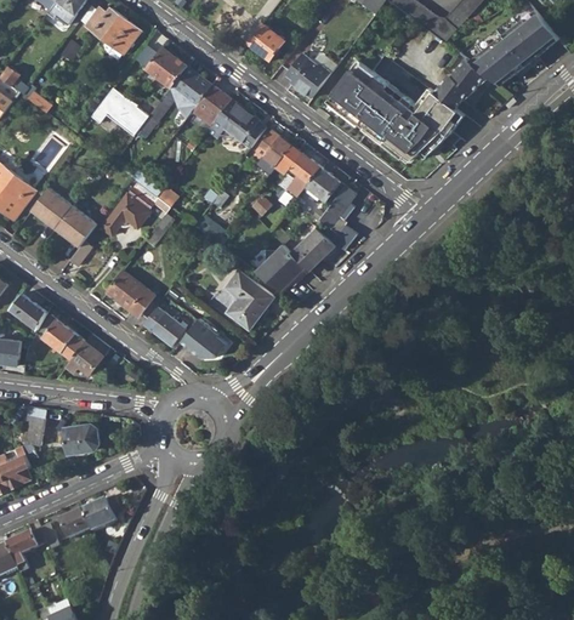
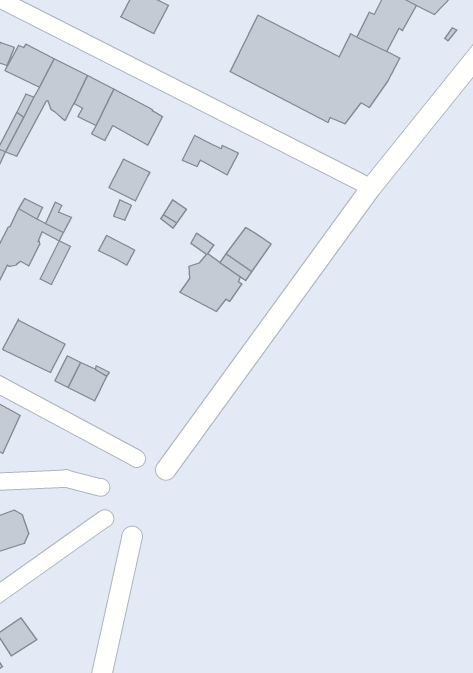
building: [284,52,329,97] -> none
building: [255,130,290,165] -> [109,159,150,201]
building: [305,167,339,200] -> none
building: [318,186,356,250] -> none
building: [223,269,273,329] -> none
building: [180,318,226,357] -> none
building: [80,499,115,531] -> none

